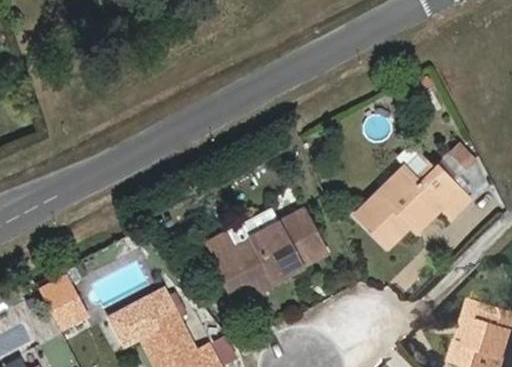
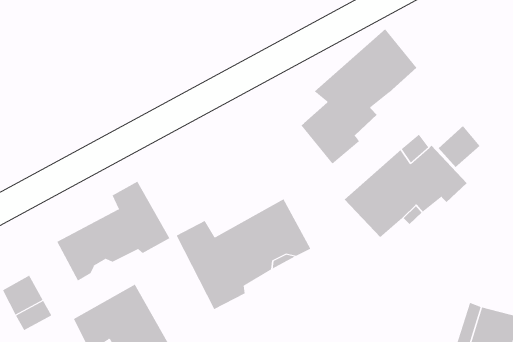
building: none -> [300,28,417,165]
building: none -> [57,181,170,281]

